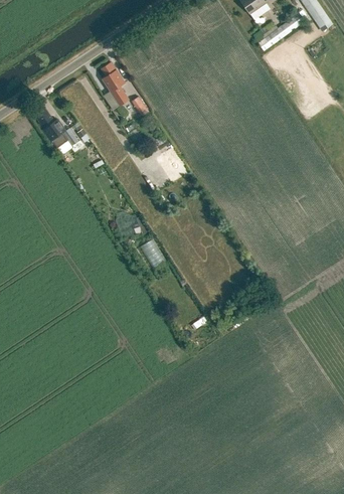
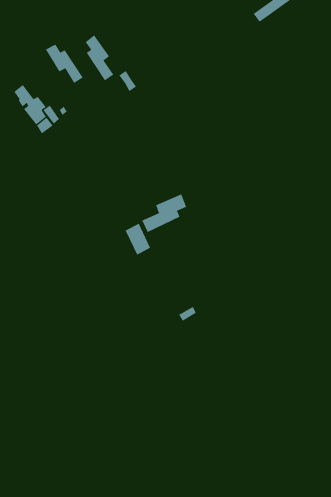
building: none -> [45,44,84,84]
building: none -> [141,193,187,233]

